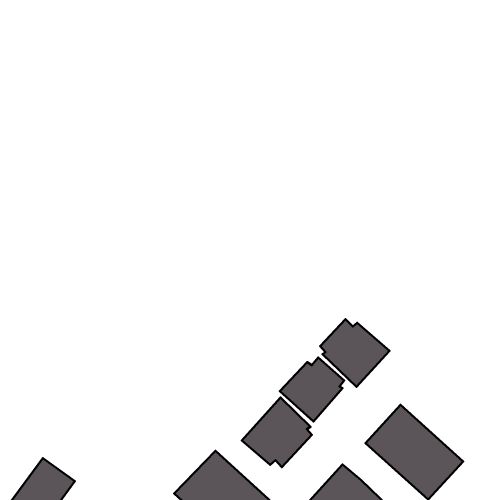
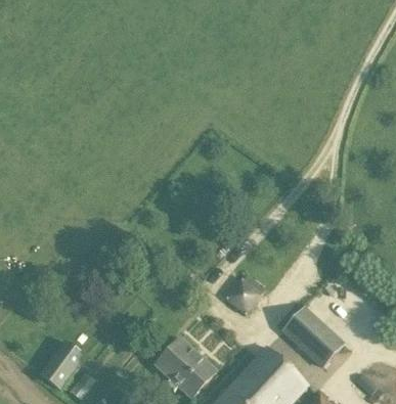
building: [320,319,389,387] -> none
building: [242,398,312,467] -> none

